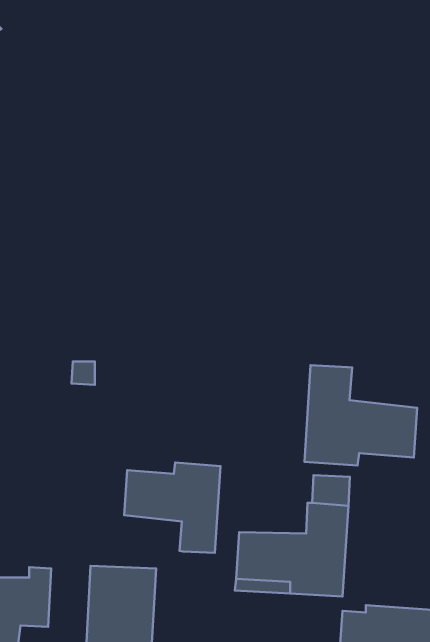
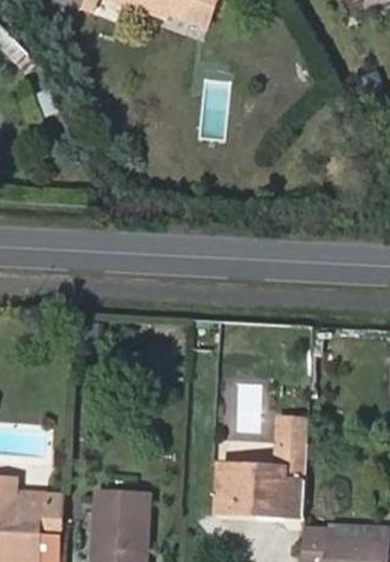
building: [304,365,417,466] -> none
building: [124,463,220,553] -> none

